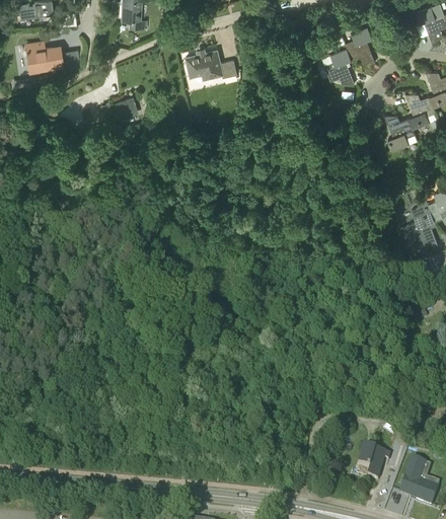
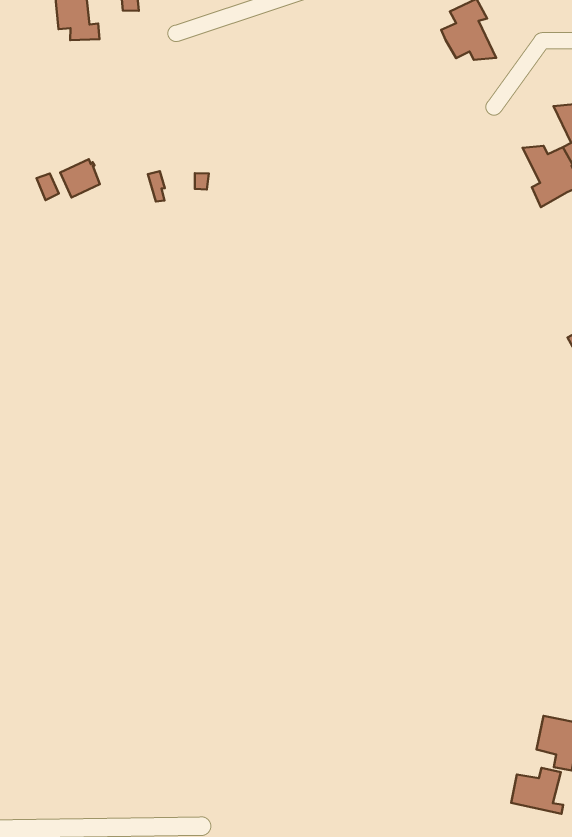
building: [322,49,354,84] -> none
building: [185,50,237,79] -> none
building: none -> [511,768,563,814]

